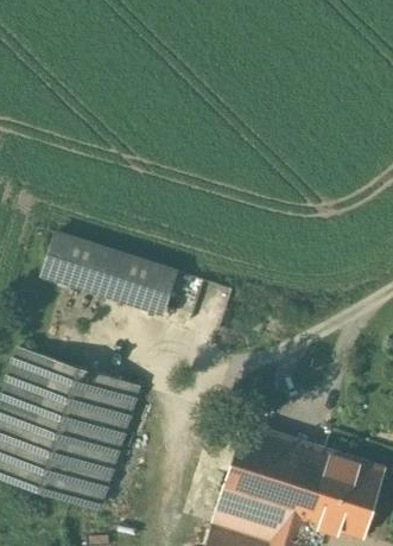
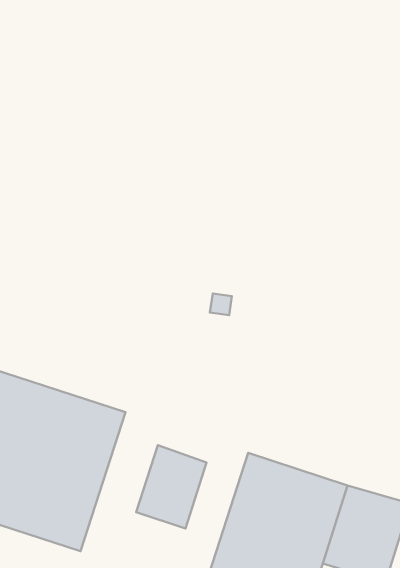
building: [39,233,177,313] -> none
building: none -> [136,445,206,528]

